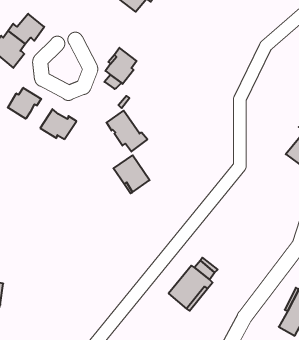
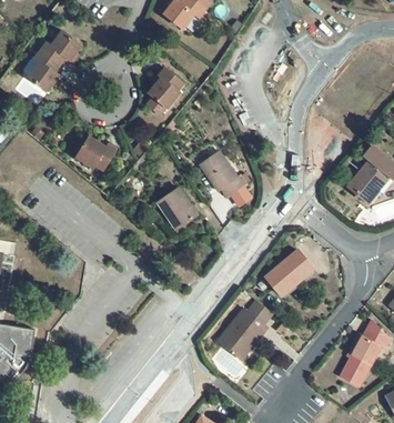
building: [8,88,41,119] -> none
building: [106,111,147,152] -> [200,151,245,197]
building: none -> [265,249,313,294]

